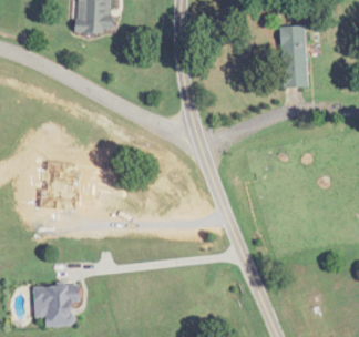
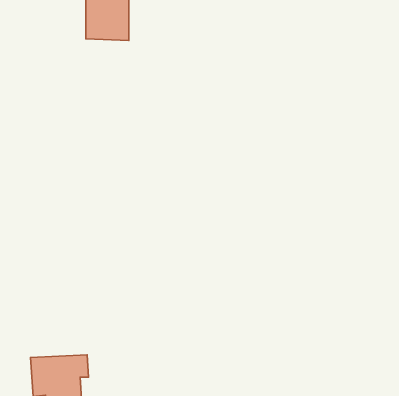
building: [279,25,308,88] -> none

